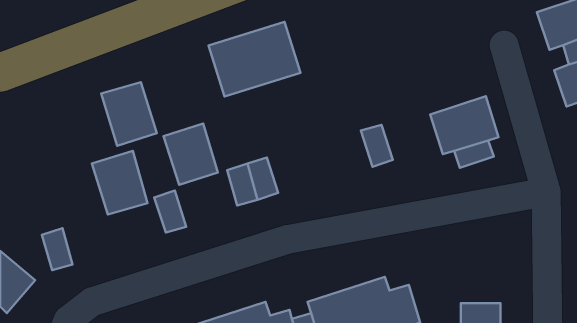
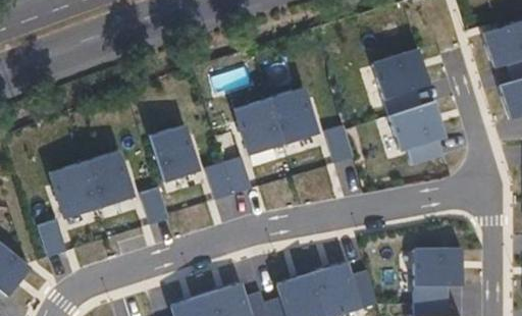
building: [208,22,300,97] -> [233,88,316,155]
building: none -> [372,47,433,99]
building: [101,82,157,146] -> [48,160,98,217]
building: none -> [415,249,462,286]

